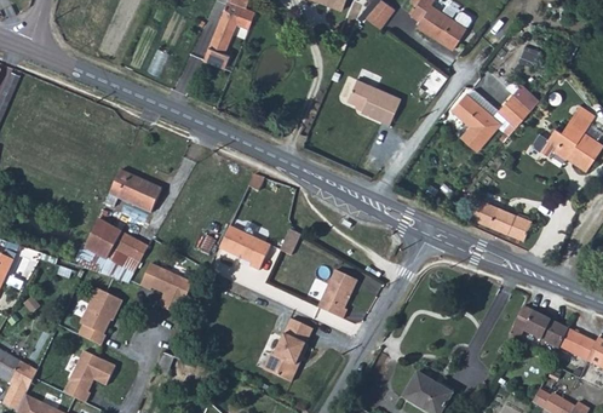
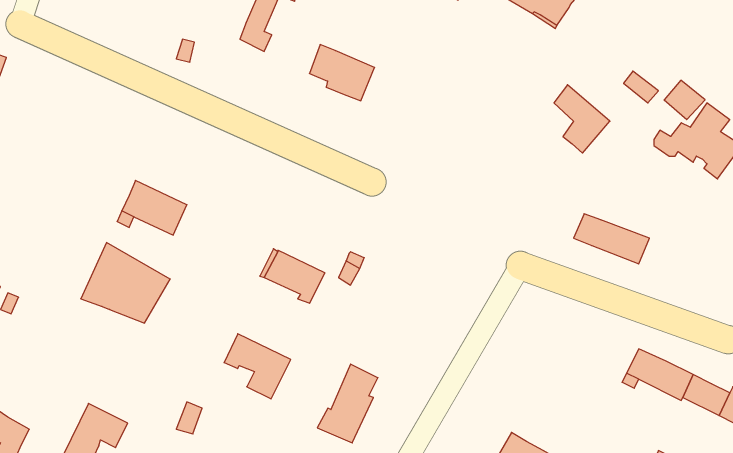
building: [349,78,401,122] -> [309,45,375,101]
building: [496,93,529,125] -> [664,80,705,120]
building: [139,263,193,315] -> [224,334,291,399]
building: [317,268,357,316] -> none
building: [76,287,121,344] -> none

